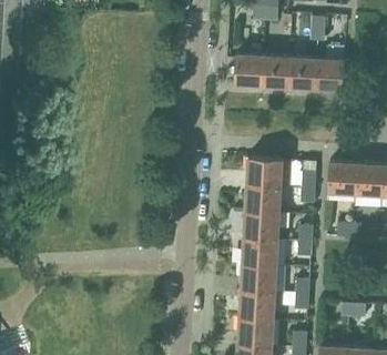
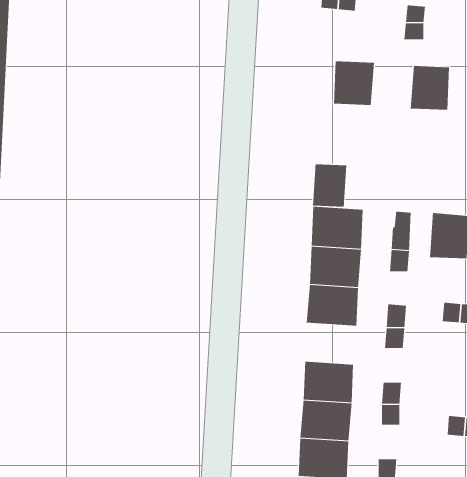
building: [234,54,263,85] -> none
building: [288,57,317,89] -> none
building: none -> [313,164,347,208]
building: [242,237,278,266] -> none

